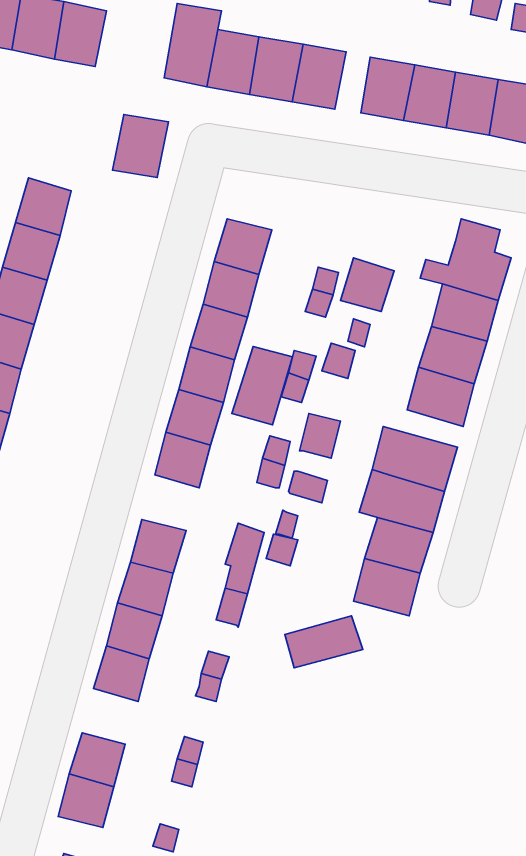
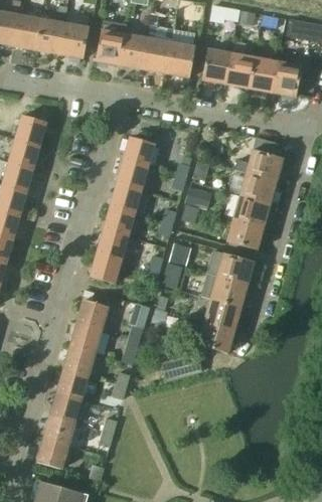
building: [113,114,168,178] -> [58,24,89,58]
building: [232,346,292,425] -> none
building: none -> [51,391,82,422]

